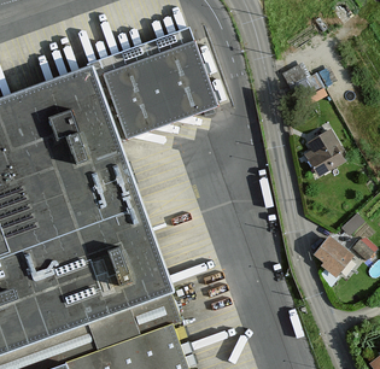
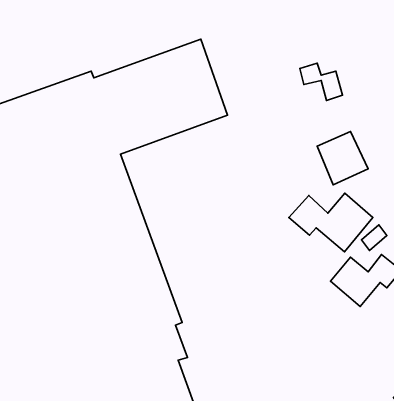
building: none -> [289,193,373,252]

